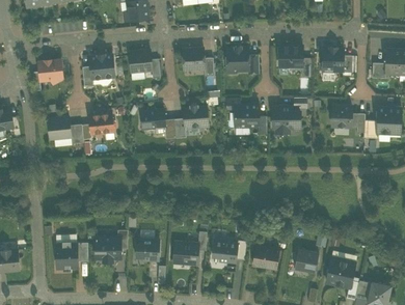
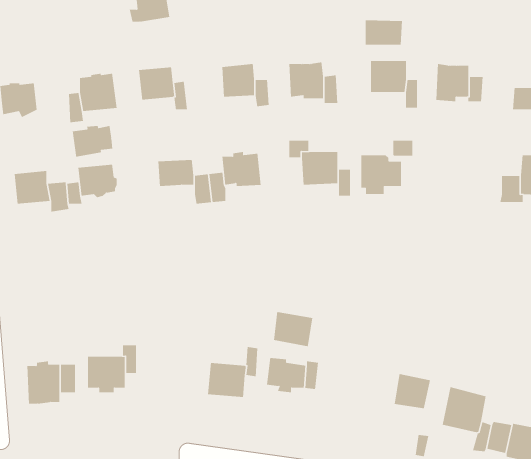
building: none -> [365,19,403,46]
building: none -> [72,125,113,157]
building: [331,106,351,127] -> none
building: [134,239,159,260] -> none
building: [252,246,278,269] -> [273,312,313,347]

